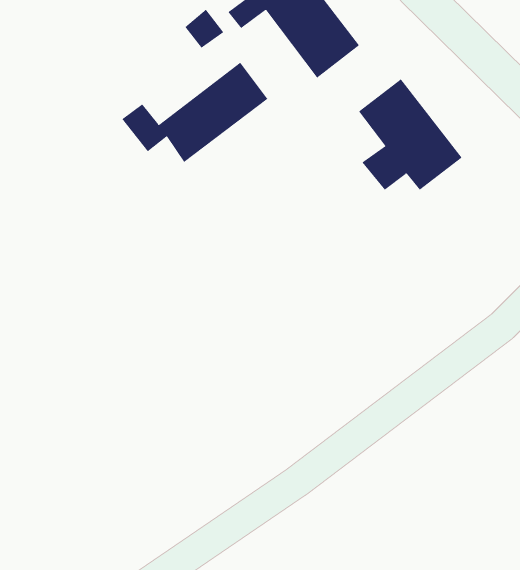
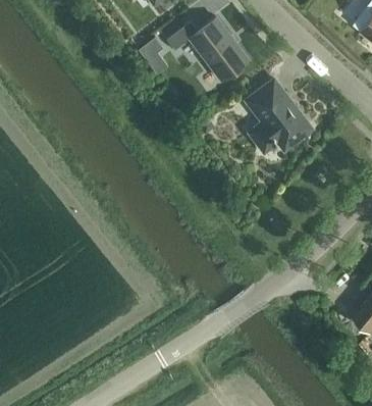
building: [122,62,268,163] -> none

